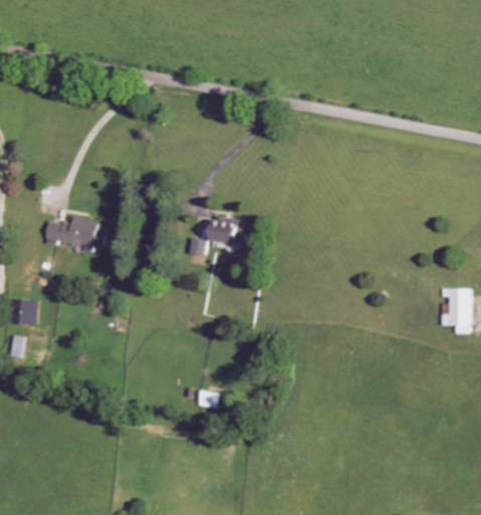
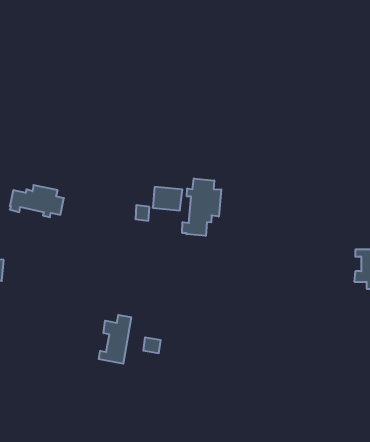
building: none -> [182,178,221,236]
building: none -> [99,315,131,364]

